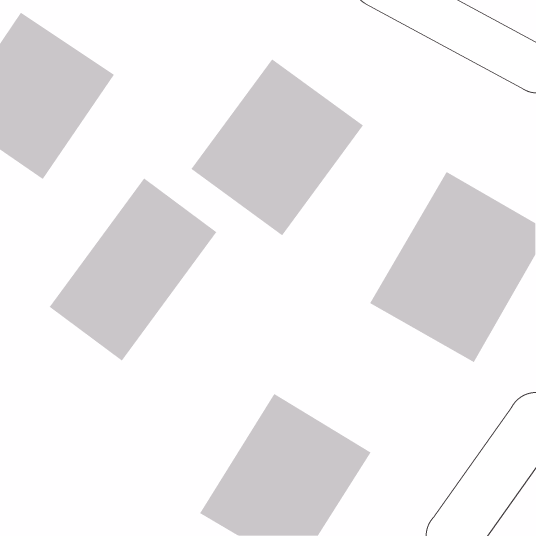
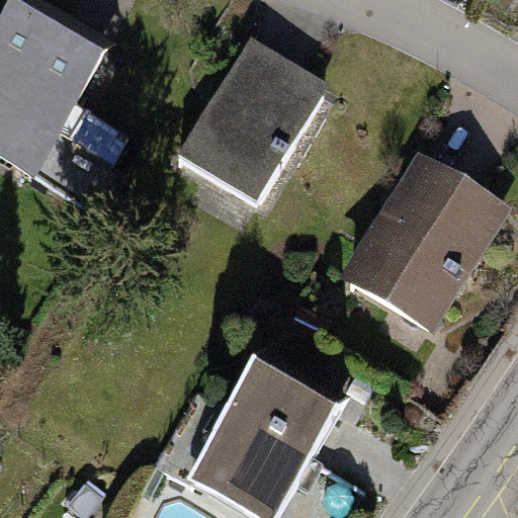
building: [49,178,217,362] -> none

